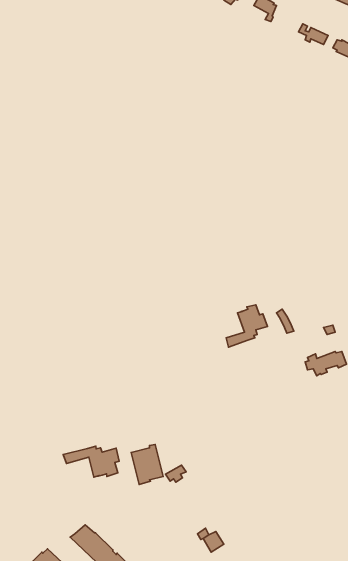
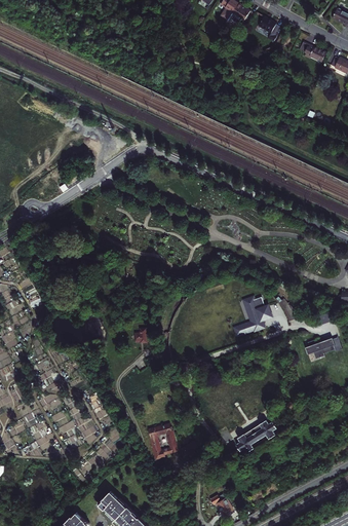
building: none -> [236,418,278,451]
building: [63,446,119,477] -> none

